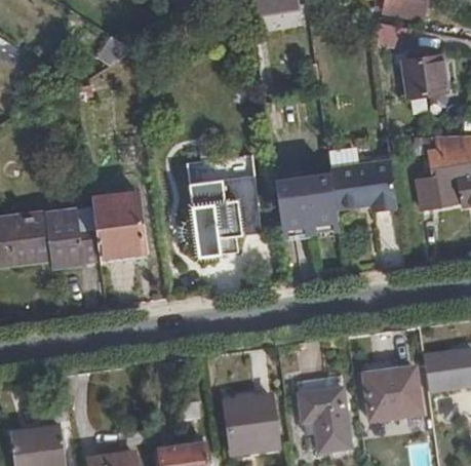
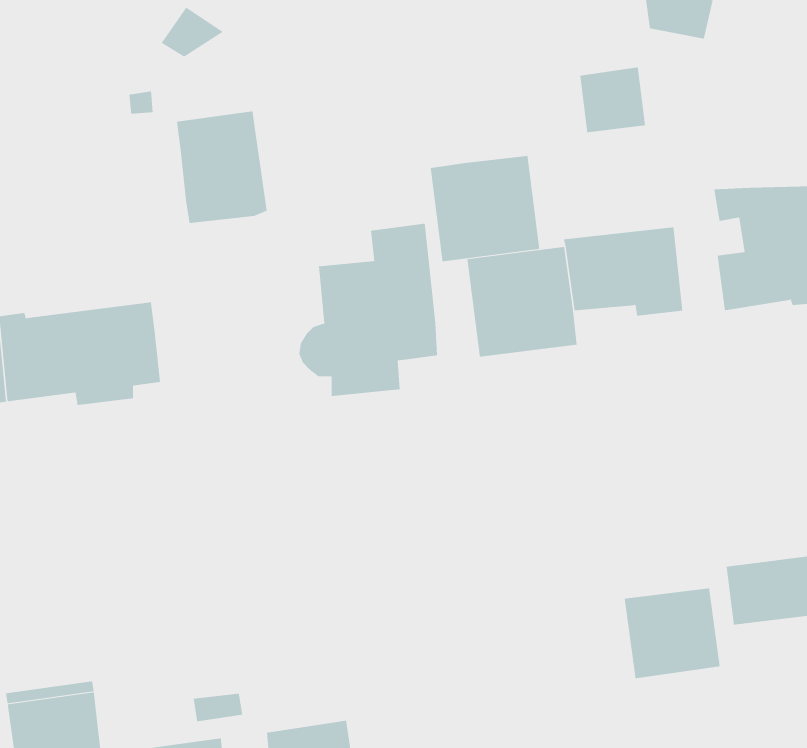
building: [406,62,444,100] -> [580,67,646,133]
building: none -> [430,155,540,262]
building: [93,199,146,264] -> [176,111,267,223]
building: [298,377,350,451] -> none
building: [224,396,278,453] -> none

